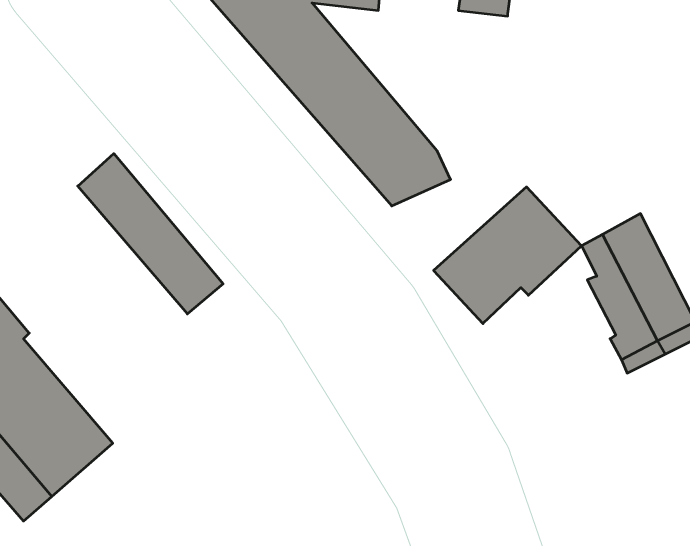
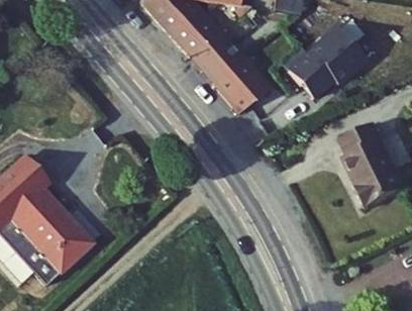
building: [78,154,223,314] -> none
building: [434,187,582,324] -> [288,25,367,98]

